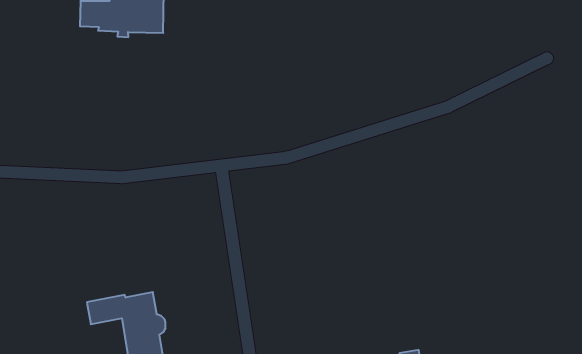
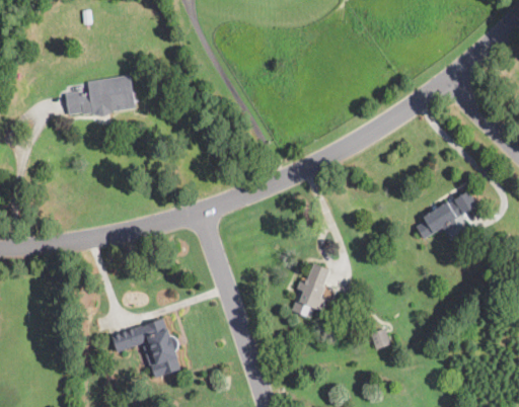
building: none -> [416,190,476,238]
building: none -> [292,263,329,317]

